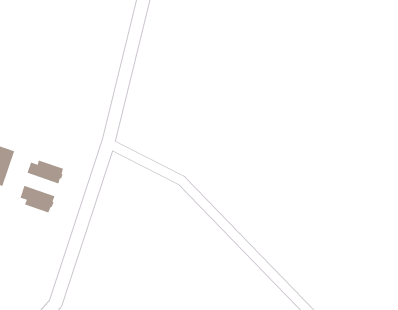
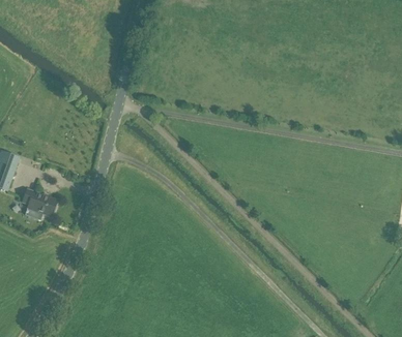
building: [26,159,64,184] -> none

